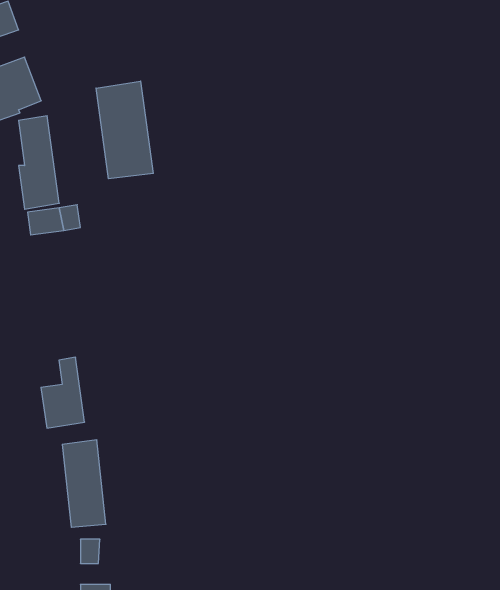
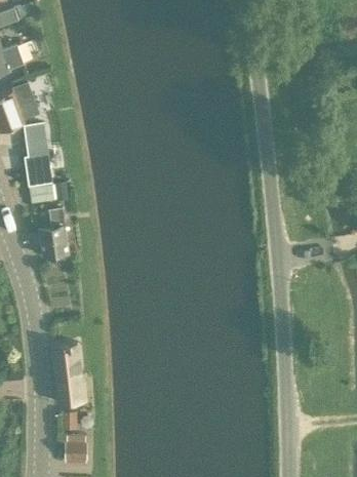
building: [96,81,153,179] -> none
building: [41,357,85,428] -> [39,208,69,256]

